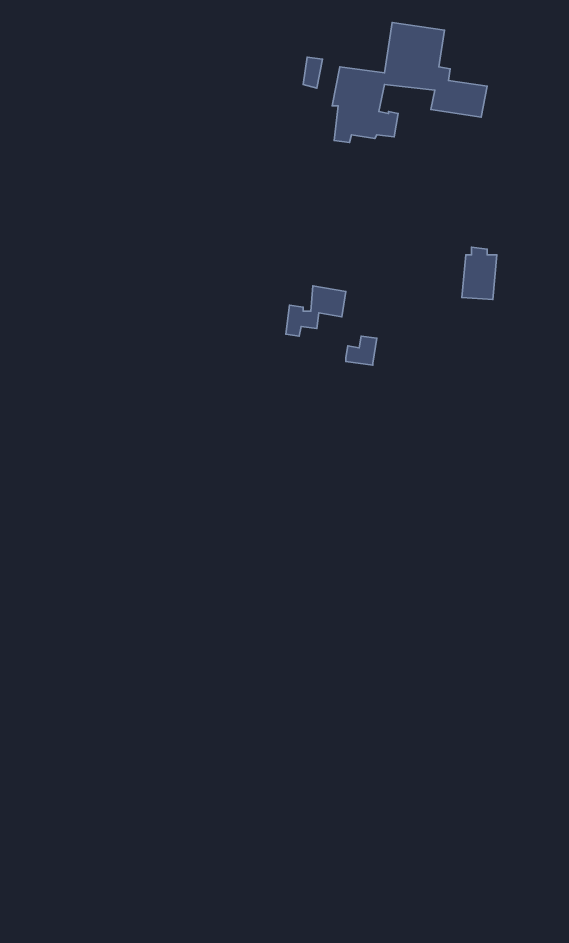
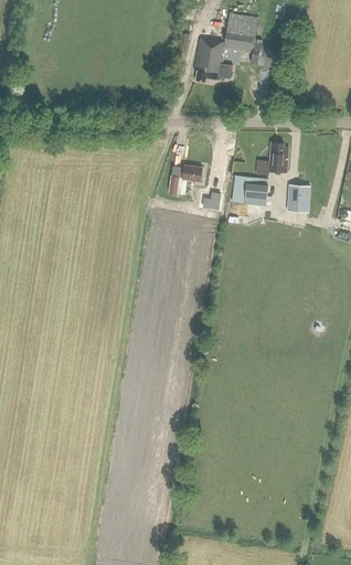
building: none -> [232,174,268,204]
building: none -> [286,184,310,212]

